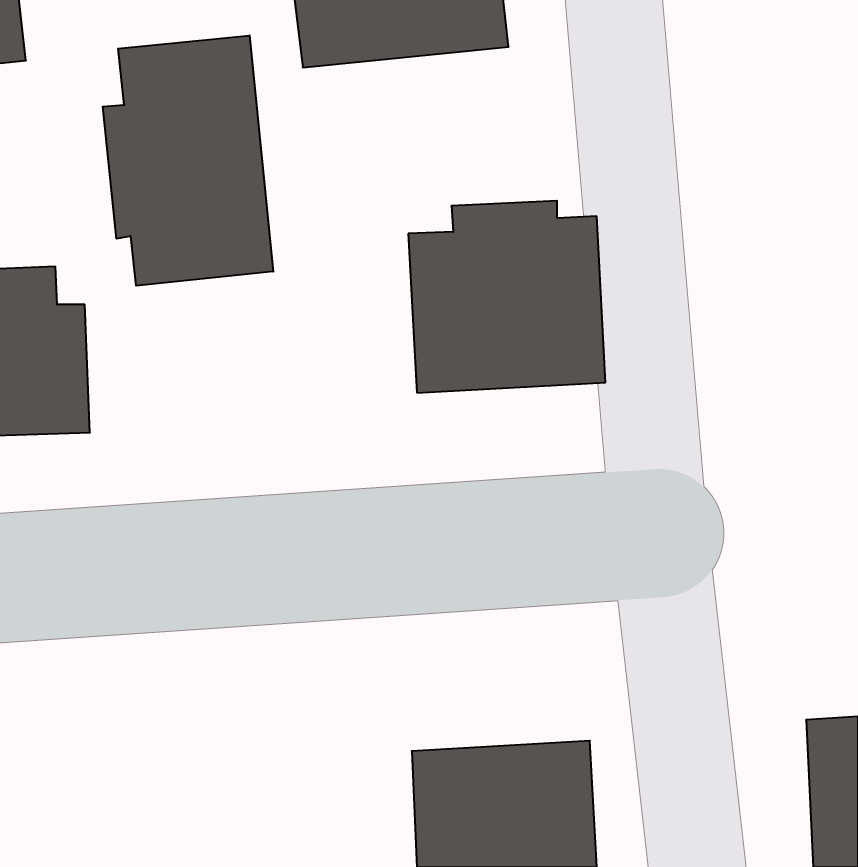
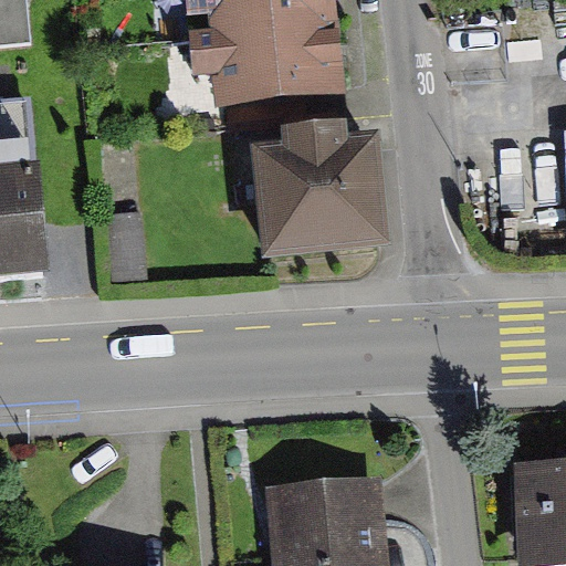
building: [103,35,273,286] -> none
building: none -> [193,30,332,112]

